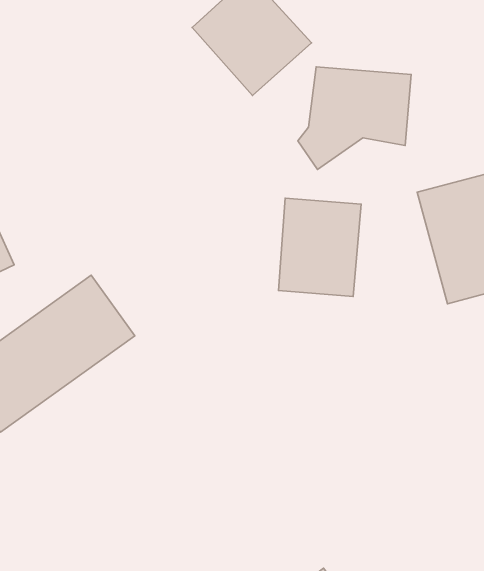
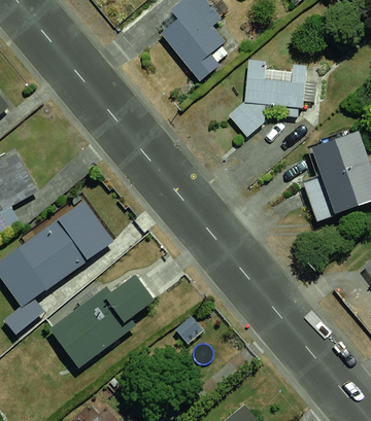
building: [279,198,361,297] -> none
building: none -> [50,270,162,370]

